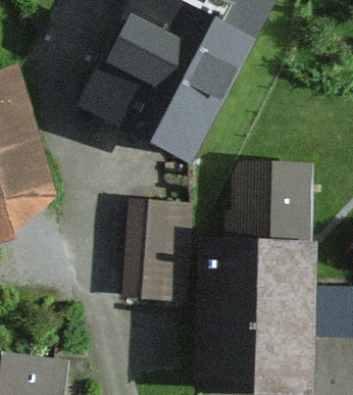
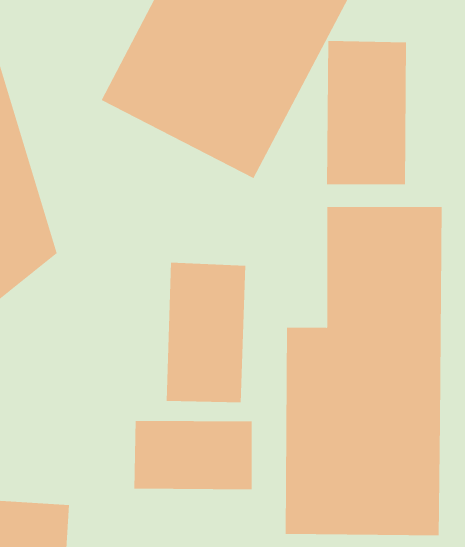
building: none -> [327,40,406,185]
building: none -> [134,420,252,490]

